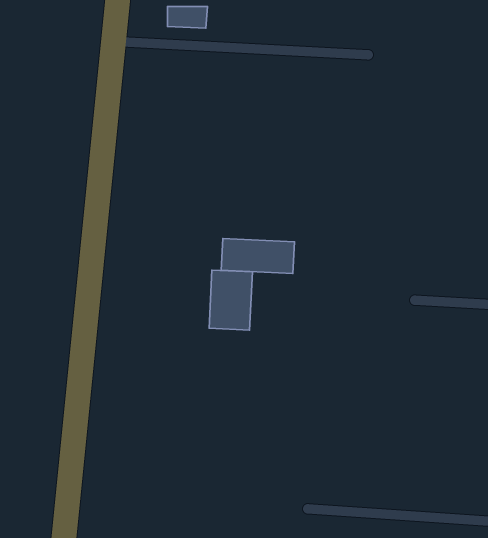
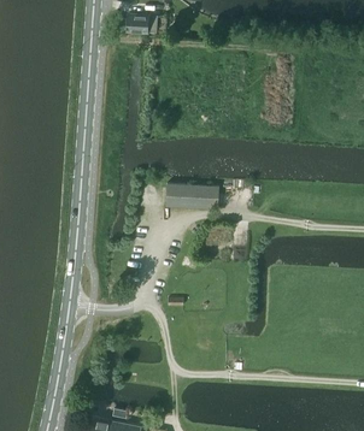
building: [209,270,252,330] -> none

